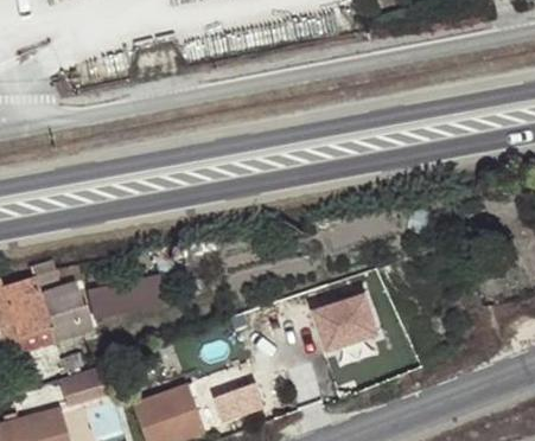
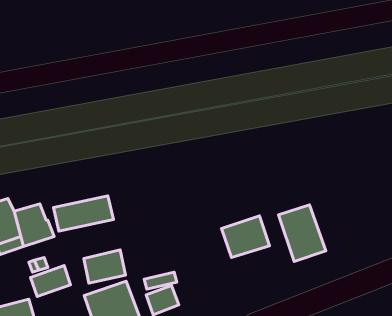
building: none -> [278,205,326,262]
building: none -> [84,250,126,283]

